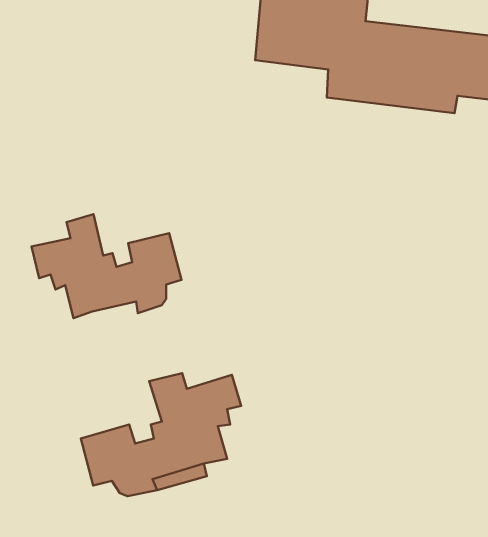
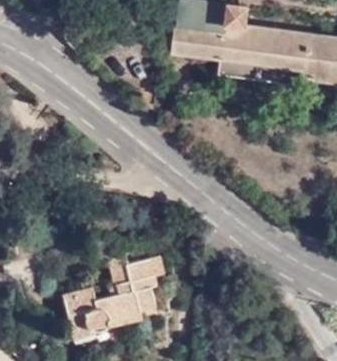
building: [32,214,182,318] -> none

